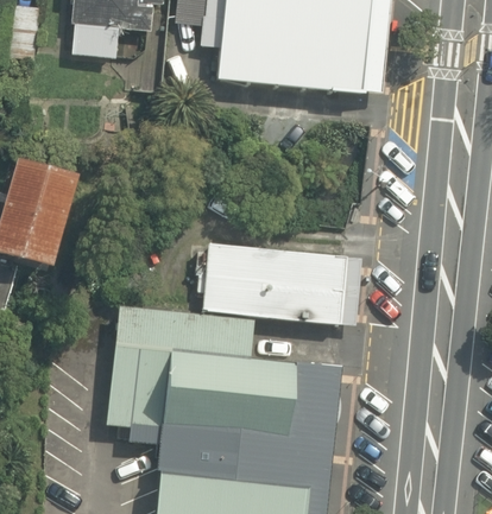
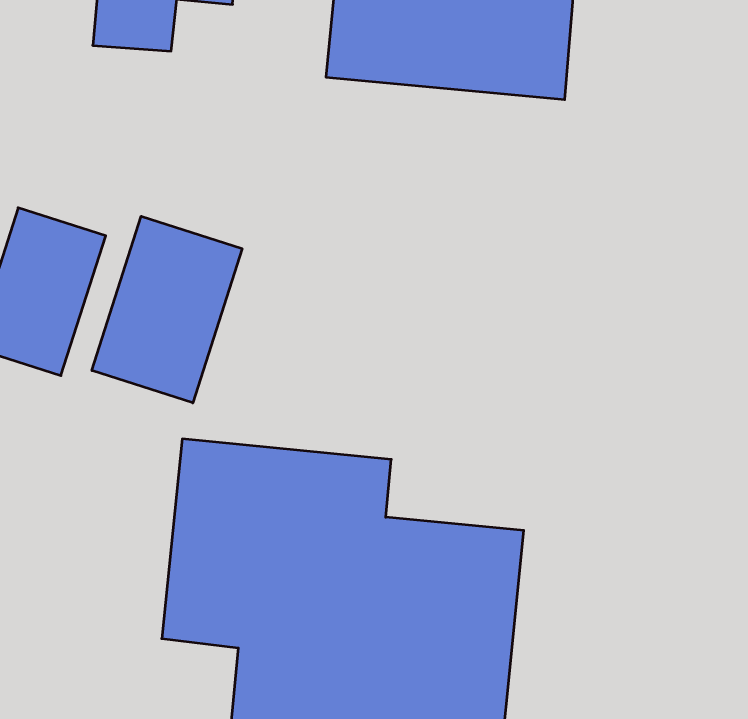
building: none -> [92,216,242,403]
building: [202,241,364,323] -> none

